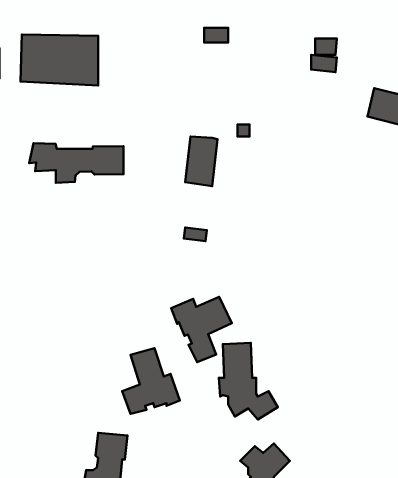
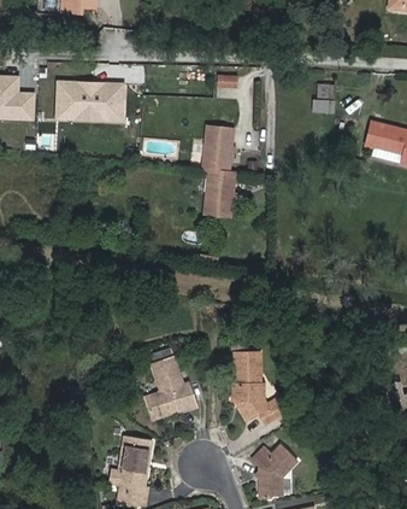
building: none -> [200,127,229,171]
building: [29,143,124,183] -> none
building: [171,297,232,362] -> none

